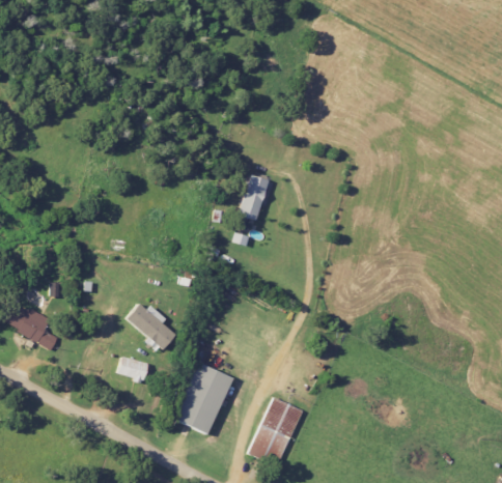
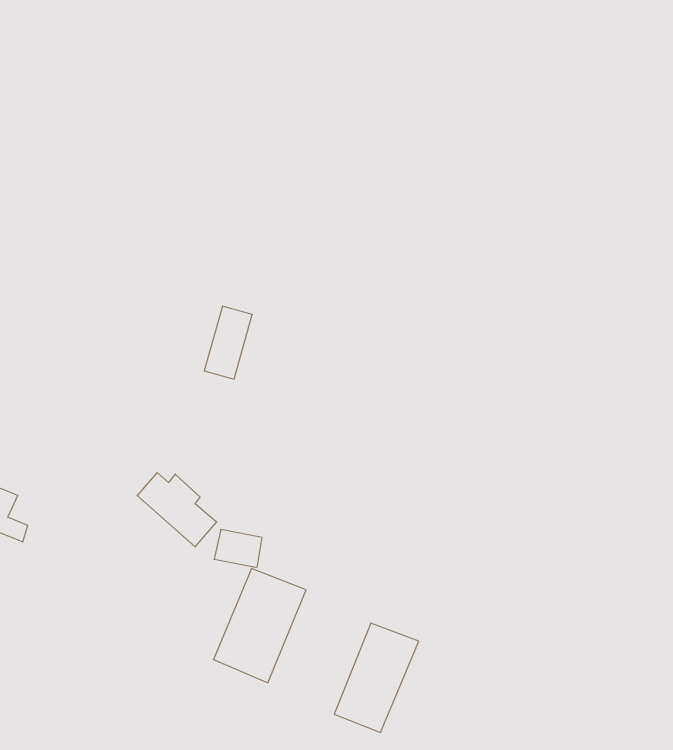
building: [239,175,269,221] -> [204,306,252,379]
building: [118,358,148,381] -> [214,529,262,567]

